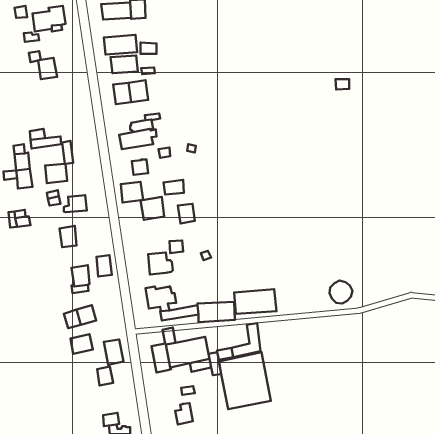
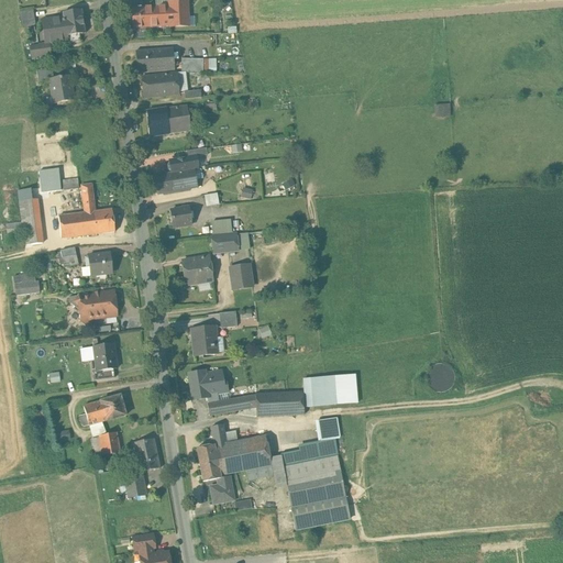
building: none -> [85,208,114,233]
building: [121,182,143,203] -> none
building: [97,255,112,276] -> [97,289,117,317]
building: [175,403,193,424] -> [210,475,233,503]

